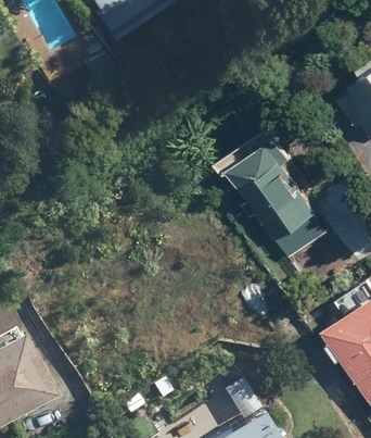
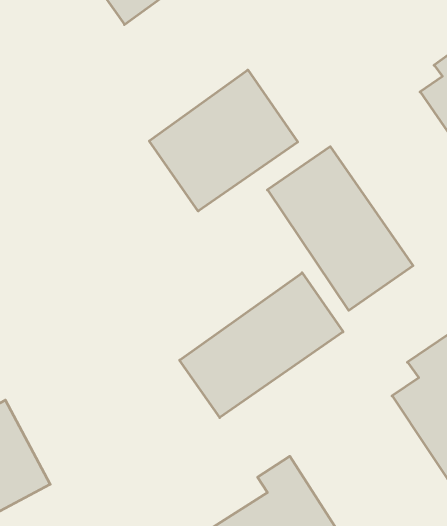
building: none -> [149,70,298,211]
building: none -> [180,273,343,418]

